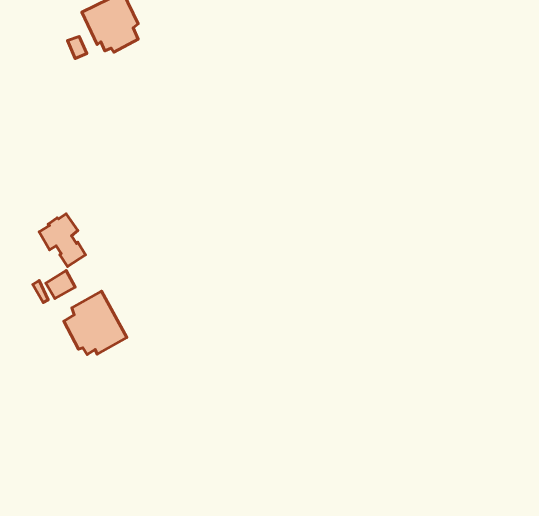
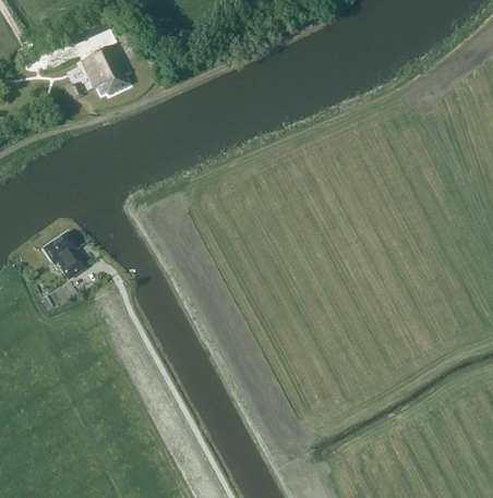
building: [64,291,127,354] -> none

